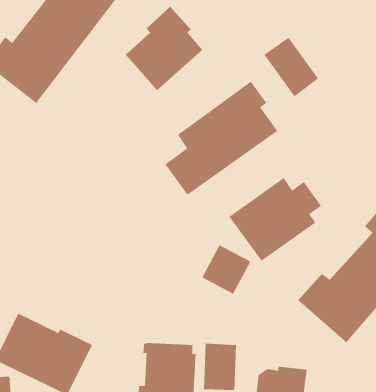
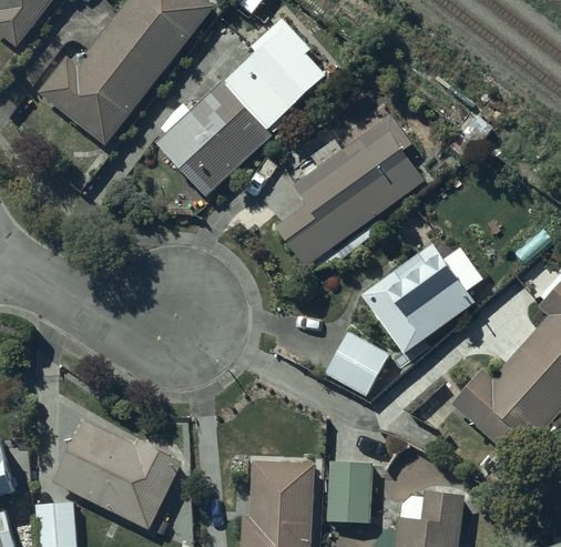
building: [263,37,319,97] -> none
building: none -> [155,81,272,196]

